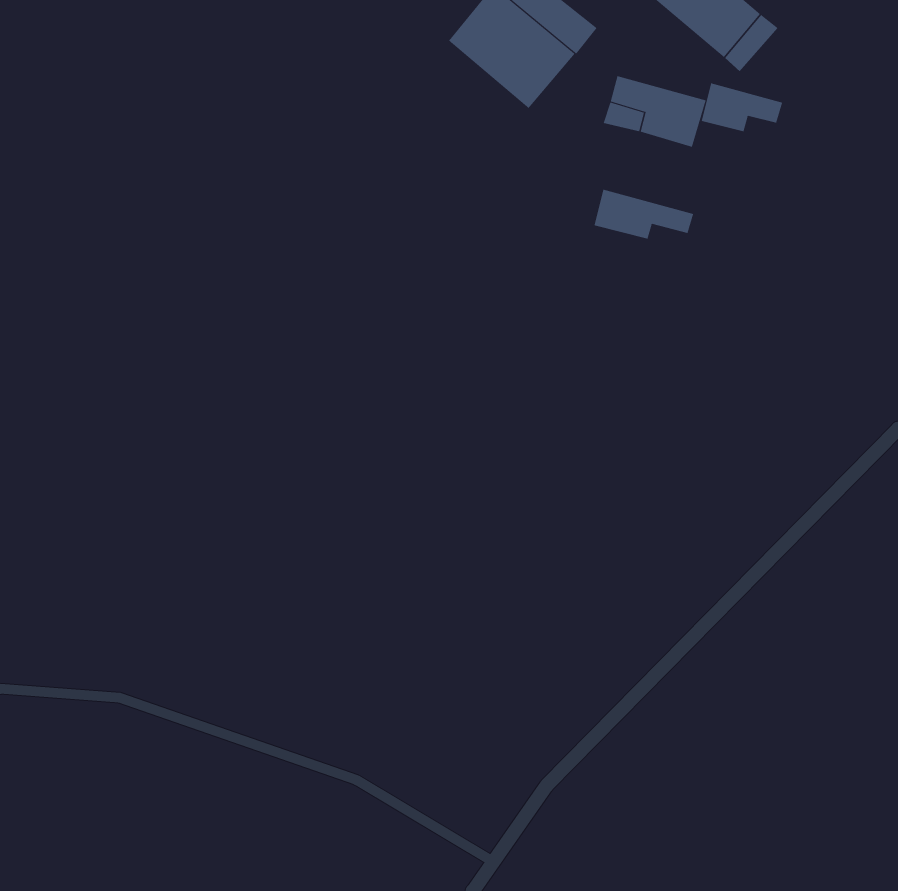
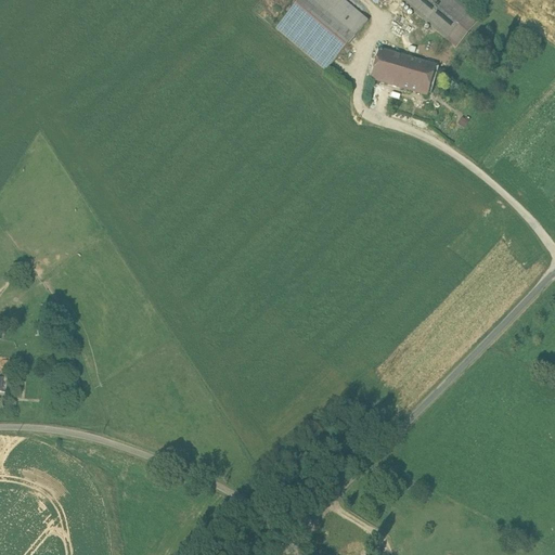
building: [701,83,783,132] -> none
building: [594,189,694,239] -> none

